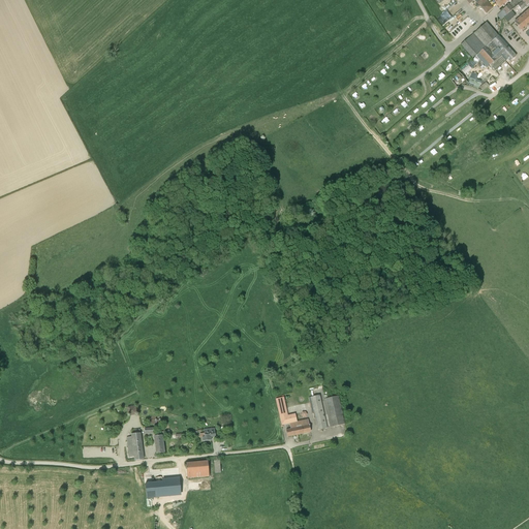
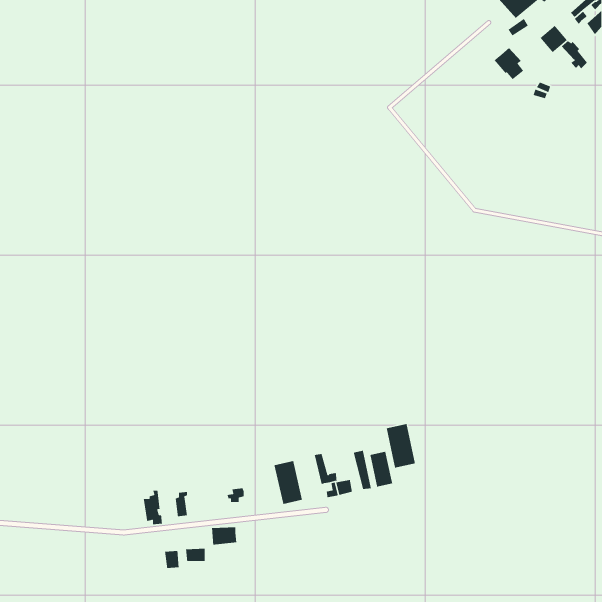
building: [477,40,504,69] -> [494,47,524,80]
building: none -> [386,423,416,469]
building: none -> [274,460,303,505]

